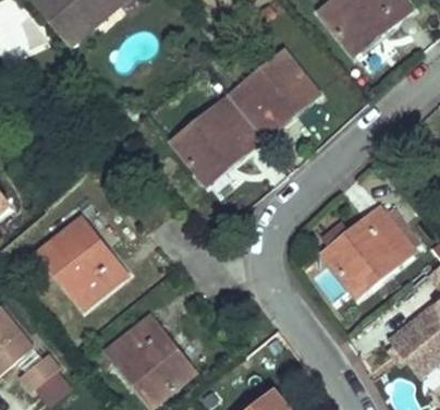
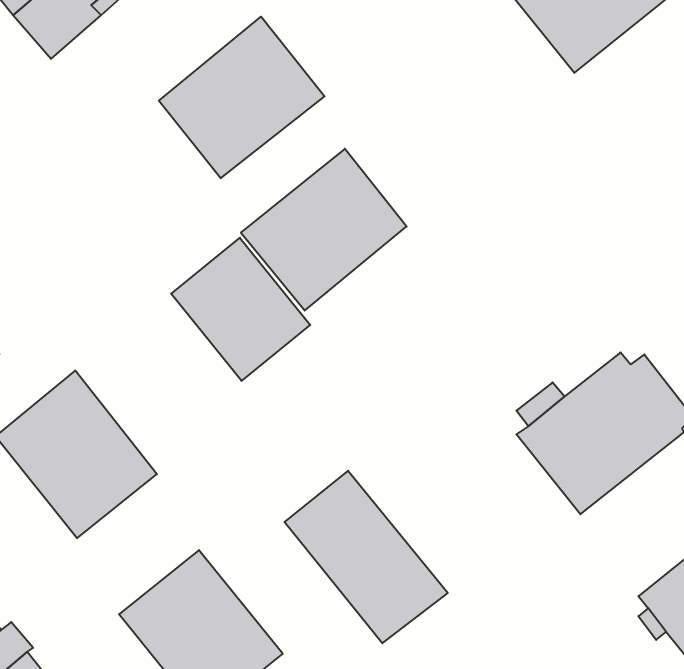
building: [229,50,319,138] -> [159,17,325,178]
building: none -> [171,238,310,381]
building: none -> [285,471,448,643]

